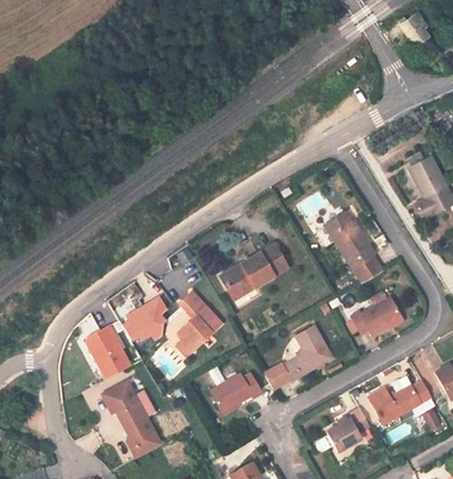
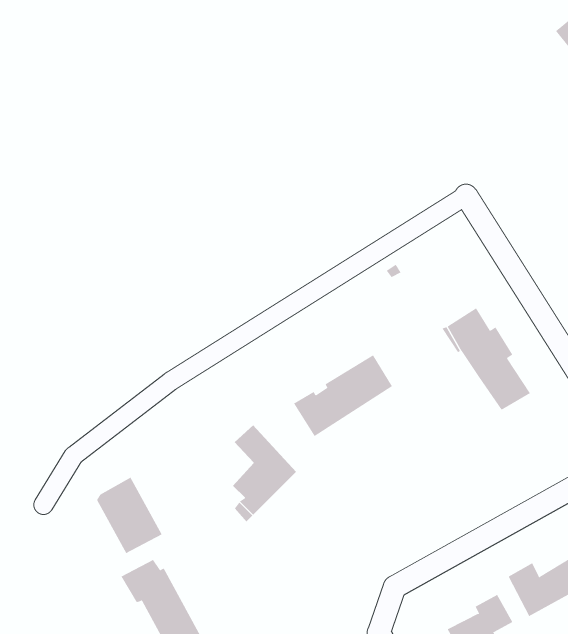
building: [129,287,170,330] -> none
building: [349,295,402,334] -> none
building: [262,325,333,391] -> none
building: [210,374,260,411] -> none

